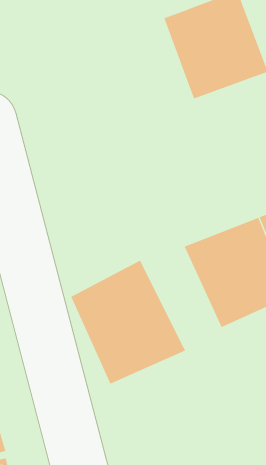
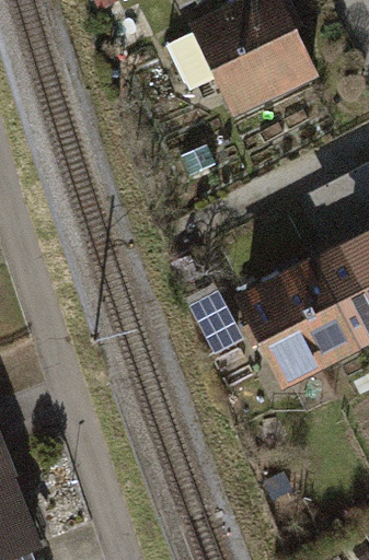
building: [70,260,186,385] -> none

